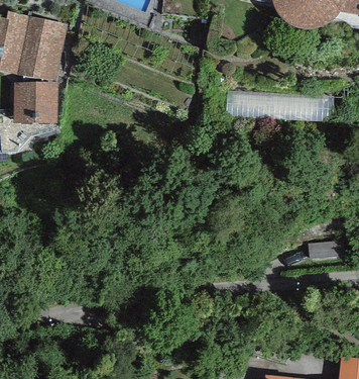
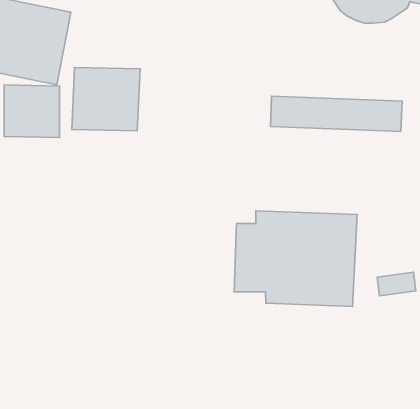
building: none -> [72,67,140,131]
building: none -> [234,211,357,307]

